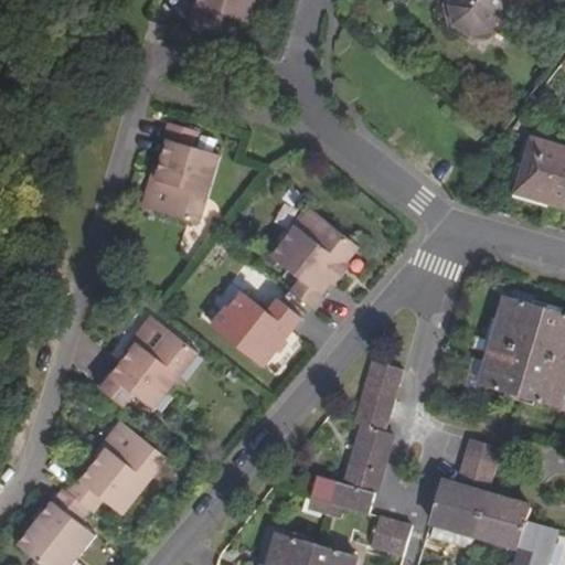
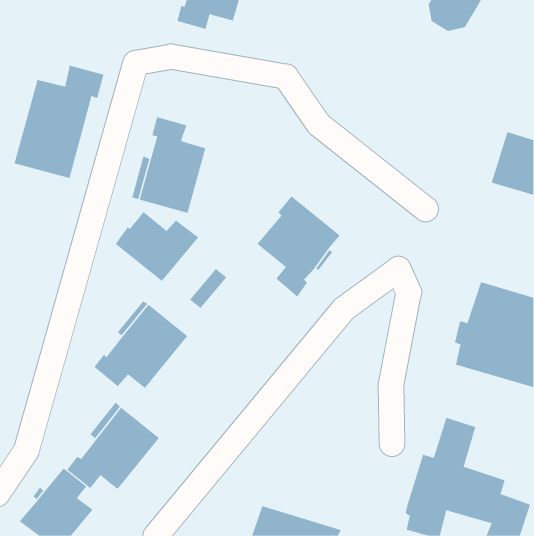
building: none -> [14,65,104,179]
building: [214,292,302,366] -> [115,211,199,282]
building: [318,361,401,513] -> none
building: [370,515,411,556] -> none

